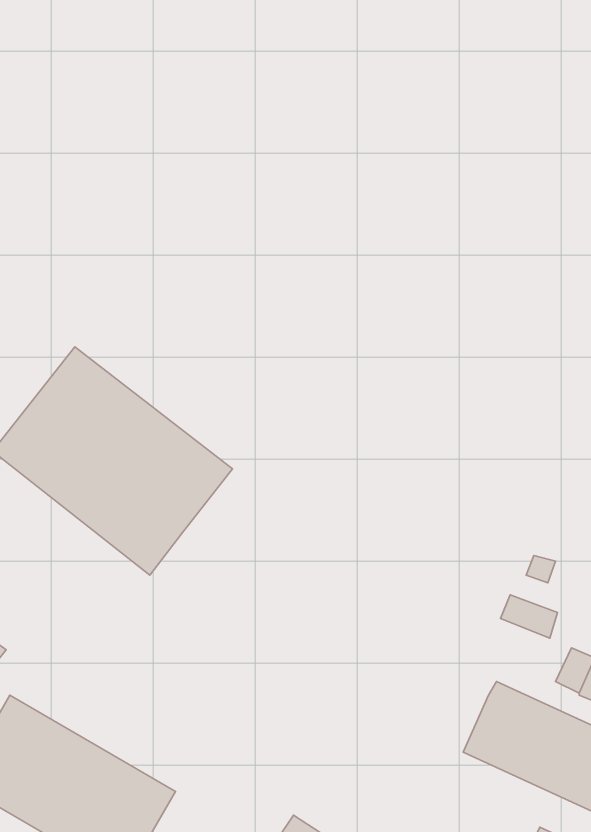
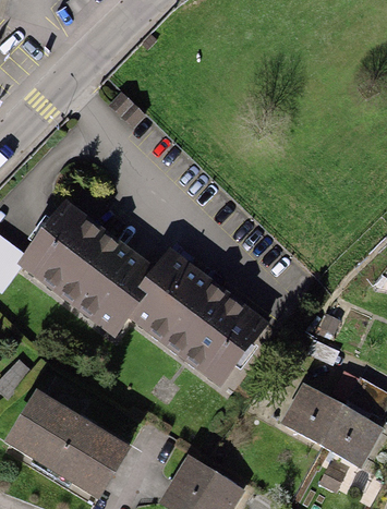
building: none -> [129,250,266,379]

